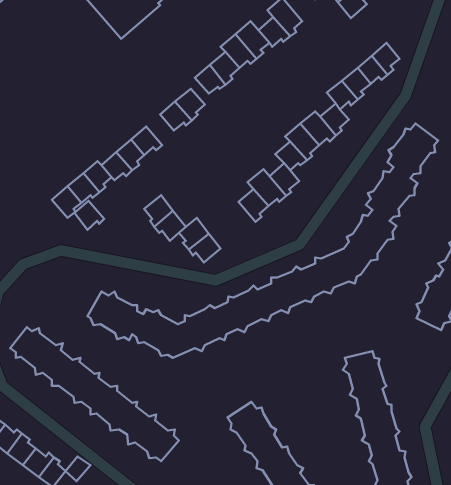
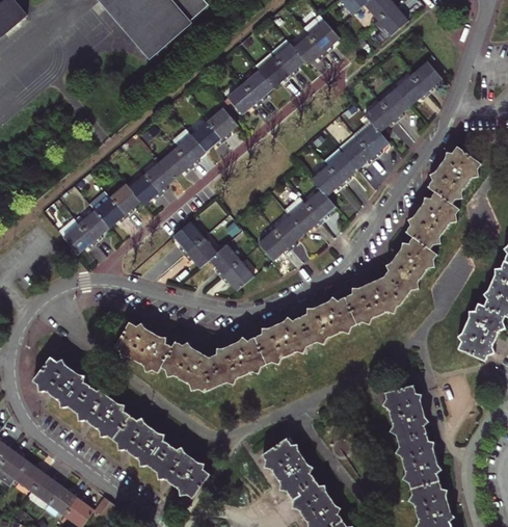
building: none -> [176,136,205,168]
building: [74,201,104,230] -> [62,226,93,256]
building: none -> [257,228,290,259]

